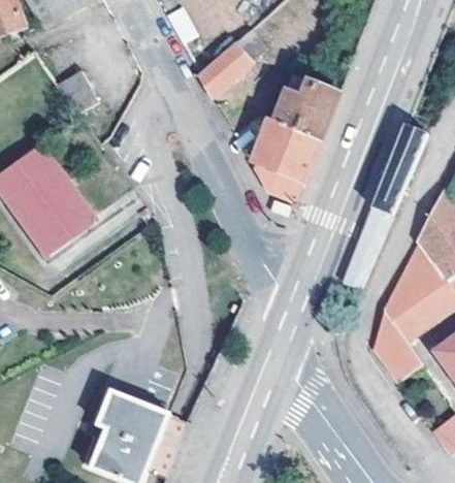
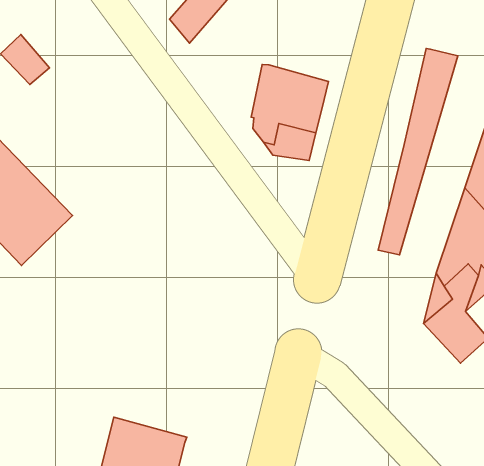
building: [273,73,338,139] -> none

